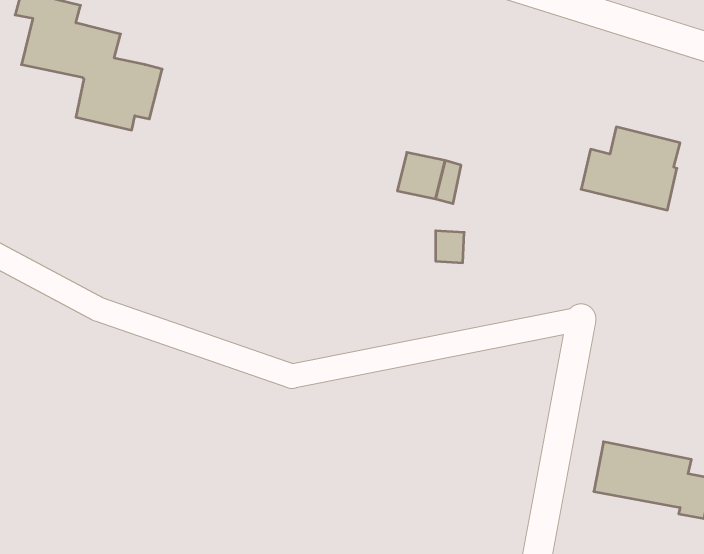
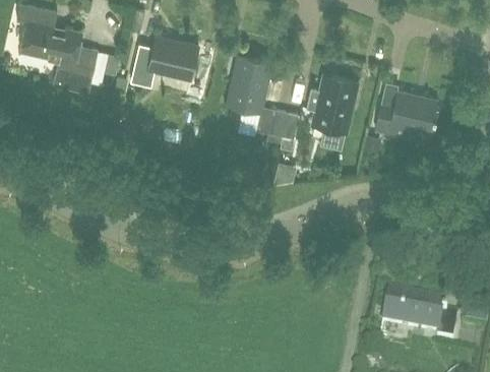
building: none -> [132,35,197,84]
building: none -> [226,54,271,113]
building: none -> [307,74,357,146]

